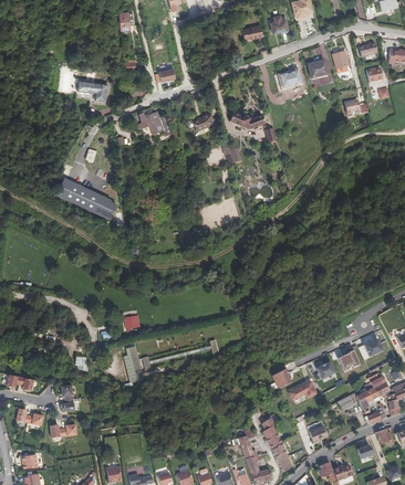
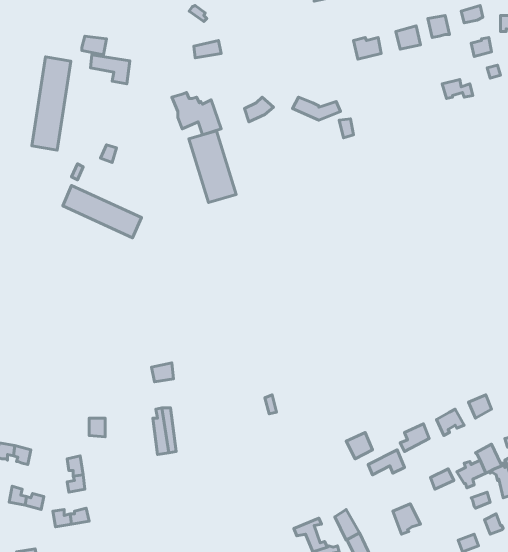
building: none -> [32,57,71,150]
building: none -> [189,131,236,203]

